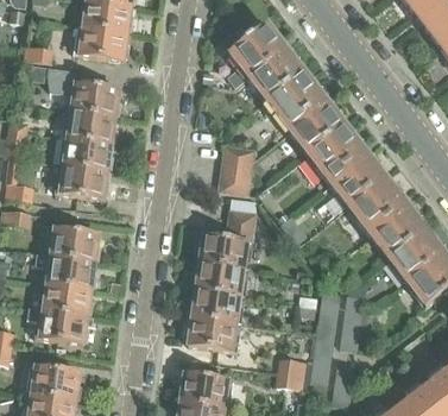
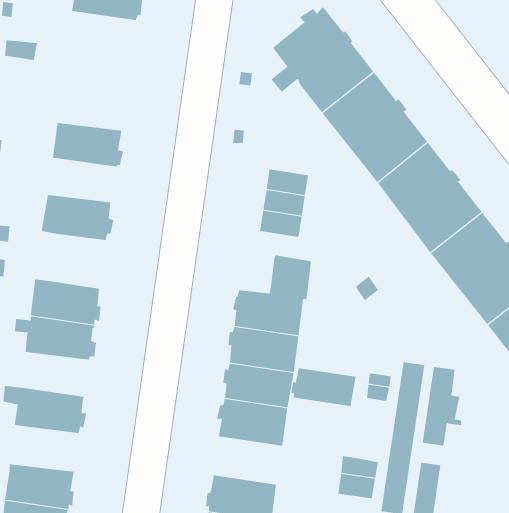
building: [74,26,127,62] -> none
building: [46,68,120,115] -> none
building: [59,135,113,169] -> none
building: [39,281,92,314] -> none
building: none -> [291,367,356,407]

